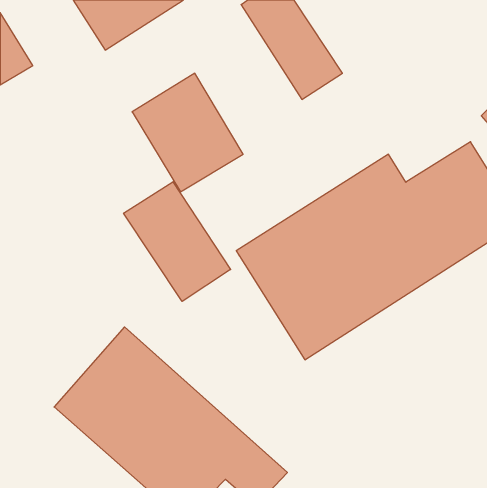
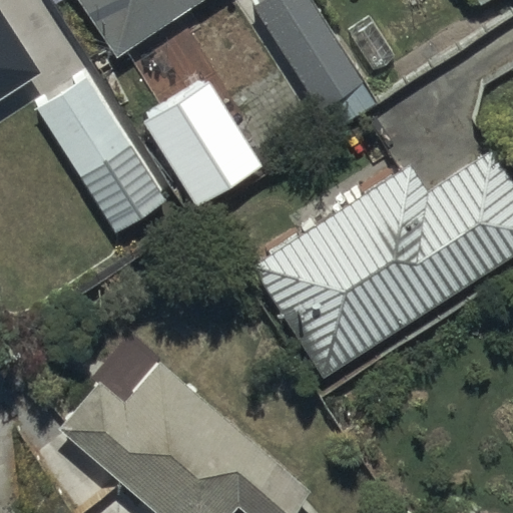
building: none -> [37,76,168,232]
building: [124,182,231,301] -> none

